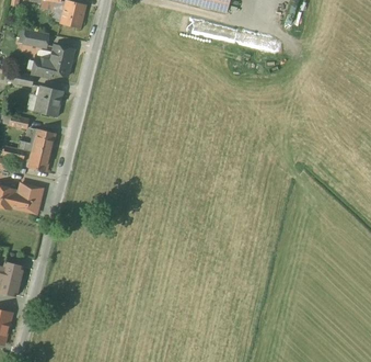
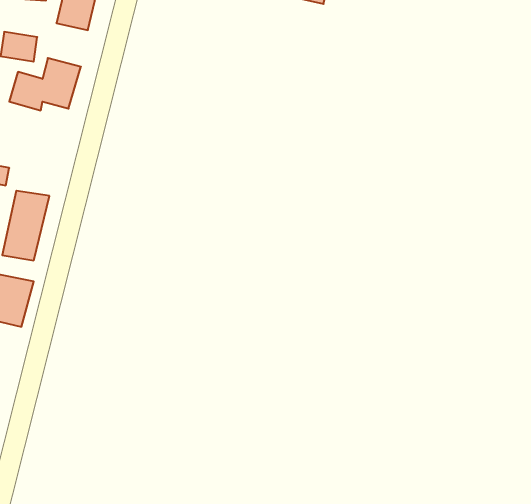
building: [36,88,62,114] -> none

